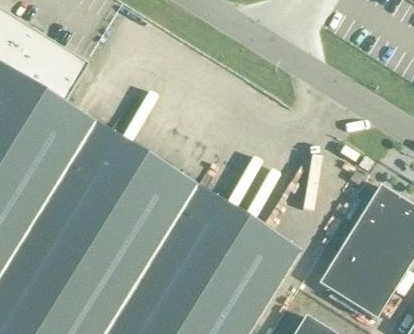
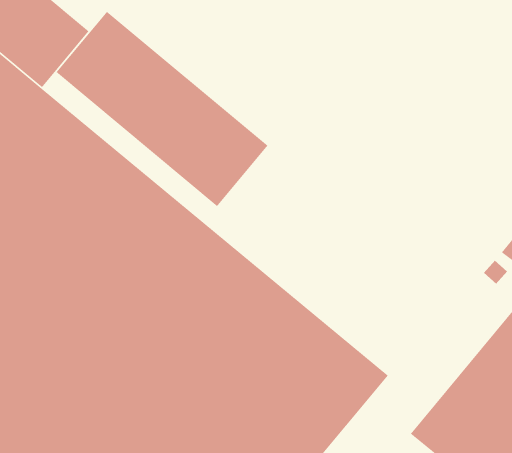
building: none -> [55,11,269,207]

